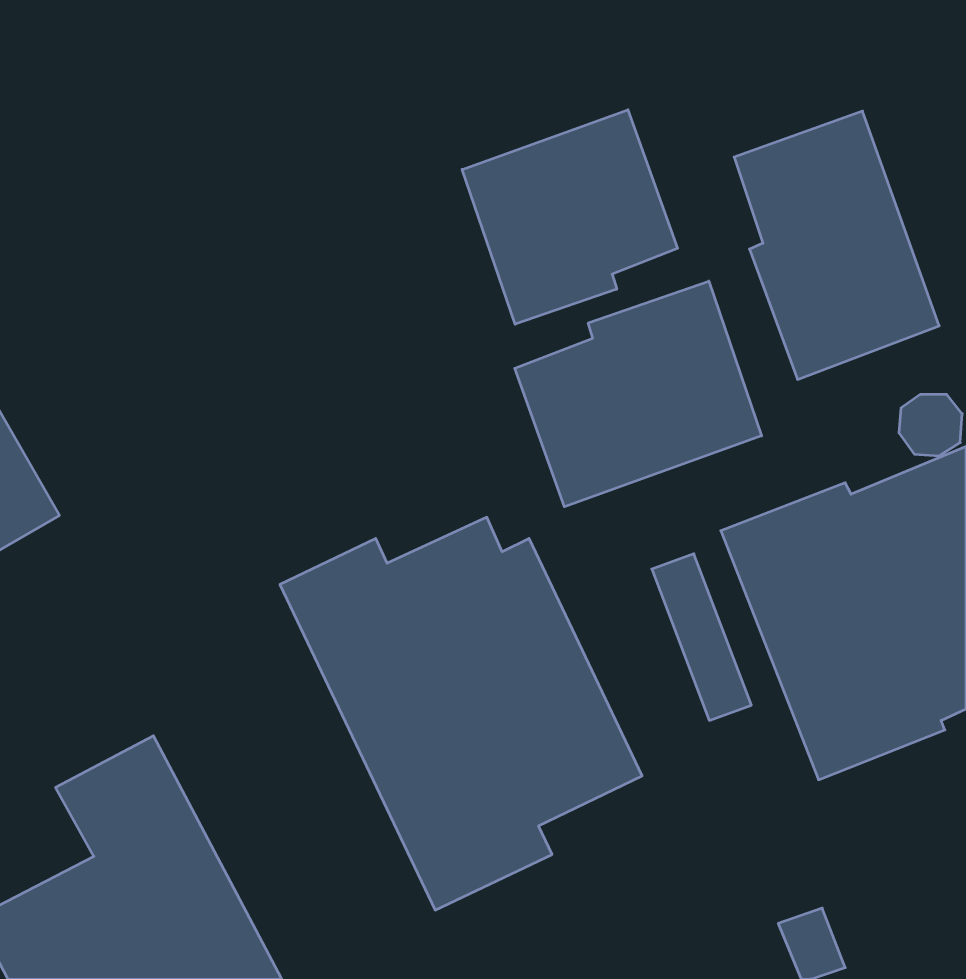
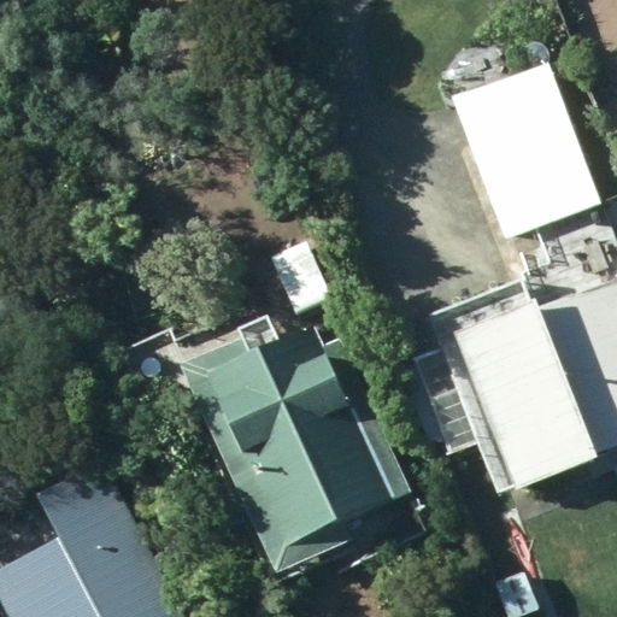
building: [462,110,678,324] -> none
building: [515,281,762,507] -> none

